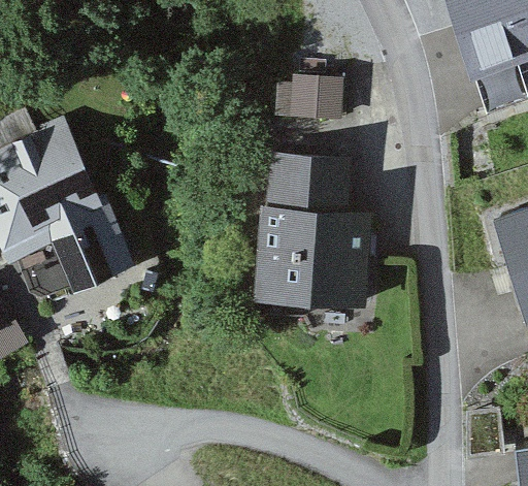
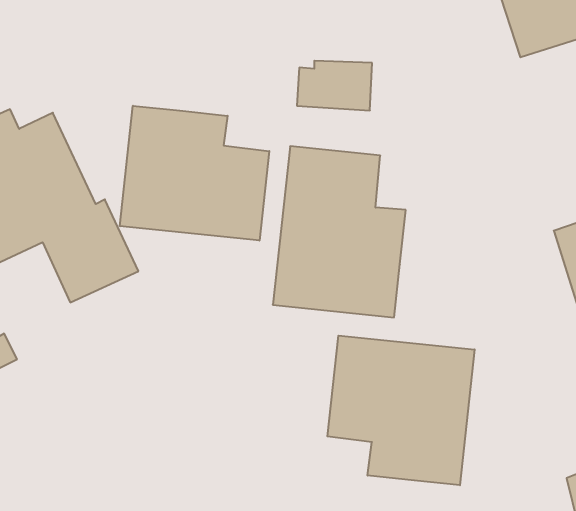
building: none -> [120,106,269,241]
building: none -> [327,336,475,485]

